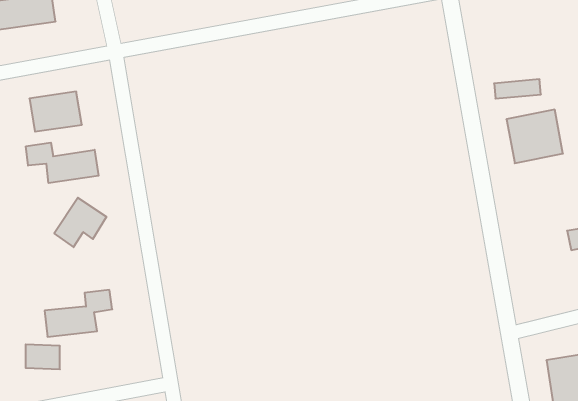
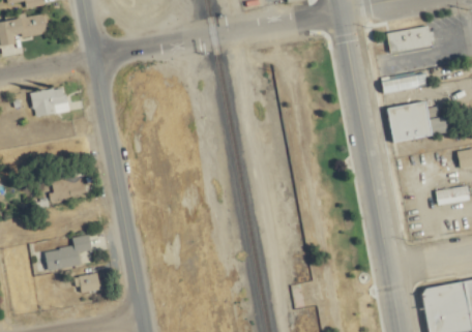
building: none -> [388,26,436,54]
building: [26,143,99,183] -> none
building: [26,344,60,369] -> [76,275,101,294]

